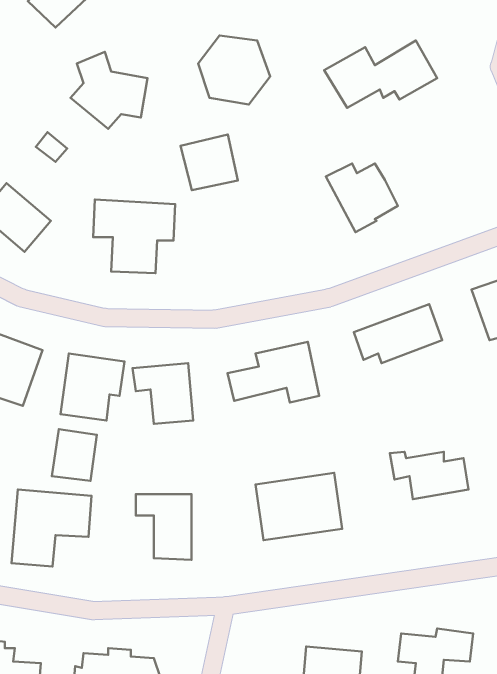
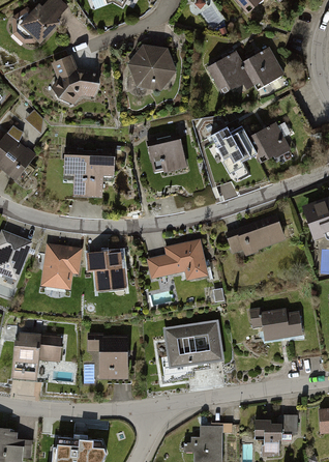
building: [180,134,238,190] -> [154,140,190,175]
building: none -> [247,121,290,160]
building: [52,429,97,481] -> none

